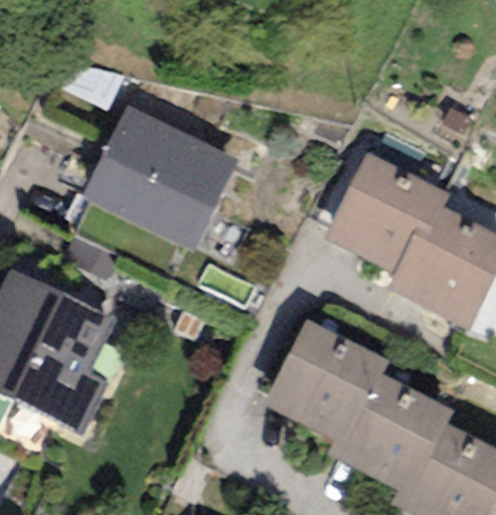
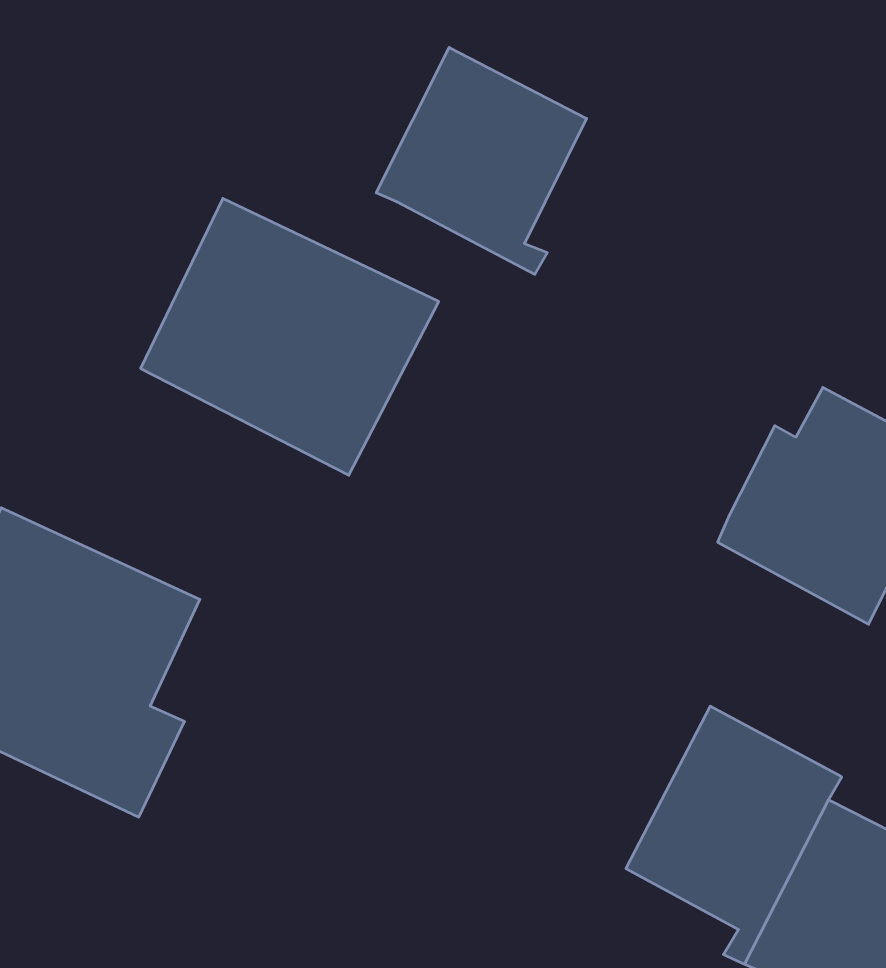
building: none -> [376,47,587,274]
building: [324,151,450,273] -> none
building: [263,318,390,459] -> none

